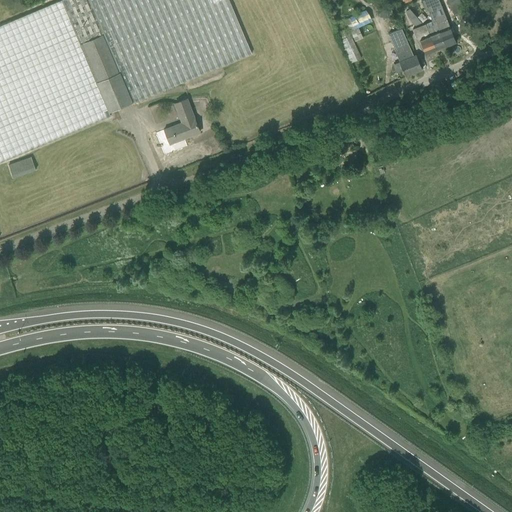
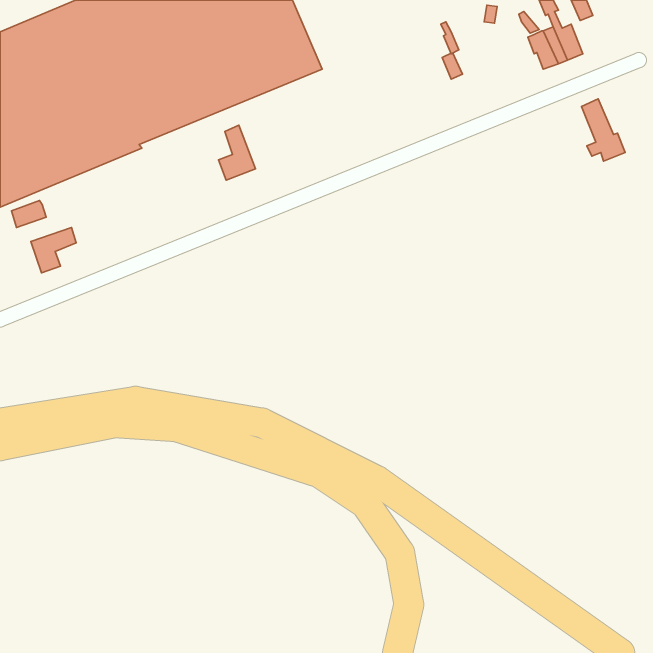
building: [388,28,422,77] -> [582,99,625,161]
building: none -> [31,227,76,273]

